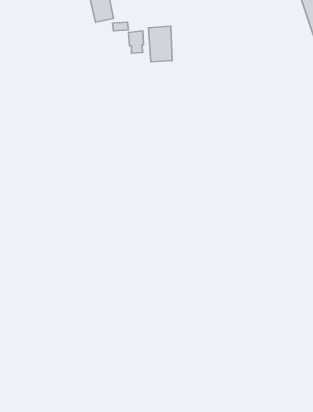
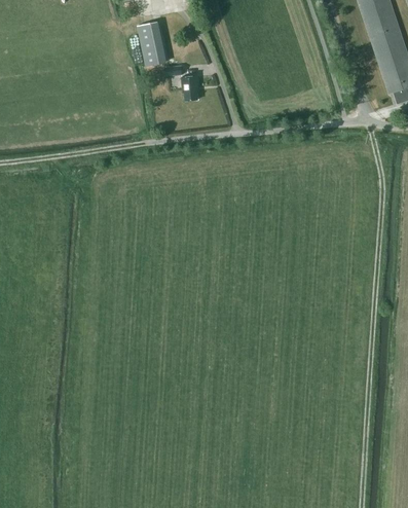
building: [149,26,172,62] -> none

